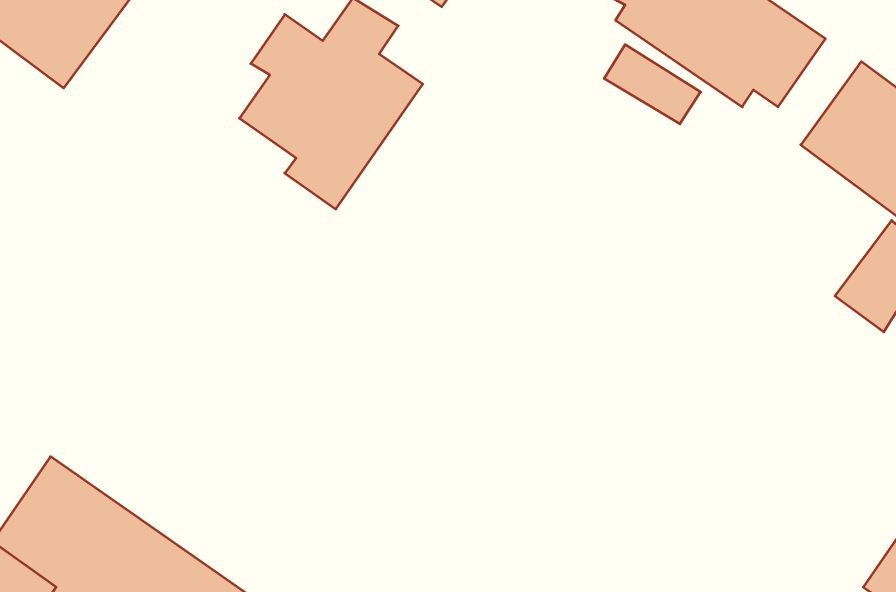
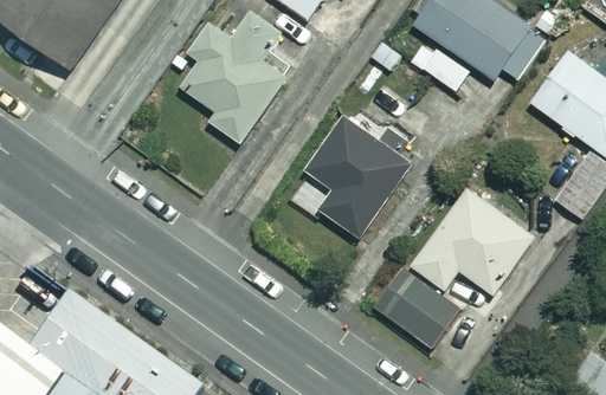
building: none -> [305,117,412,238]
building: none -> [373,187,533,348]

